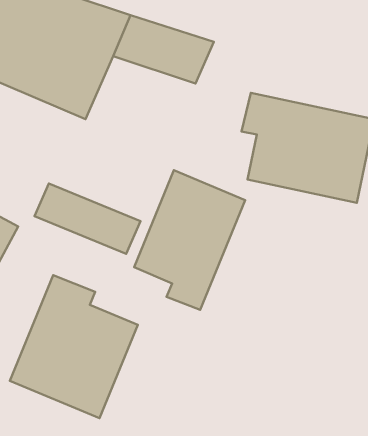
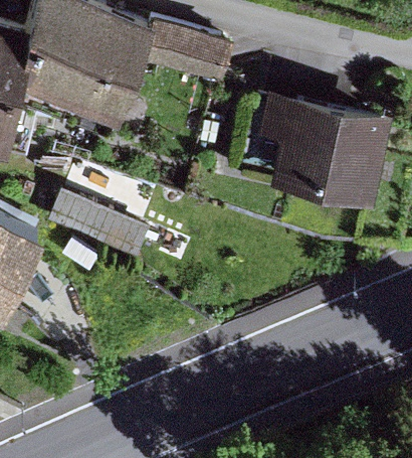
building: [134,170,245,310] -> none
building: [10,275,138,418] -> none

